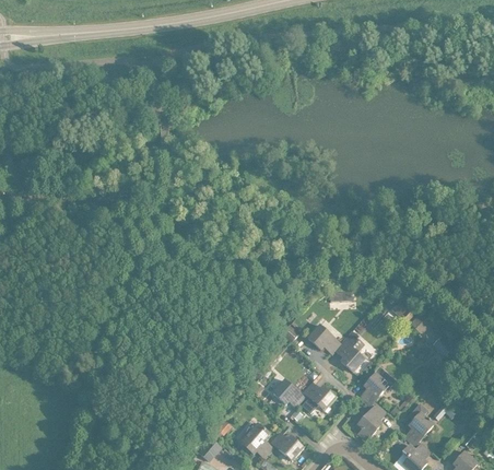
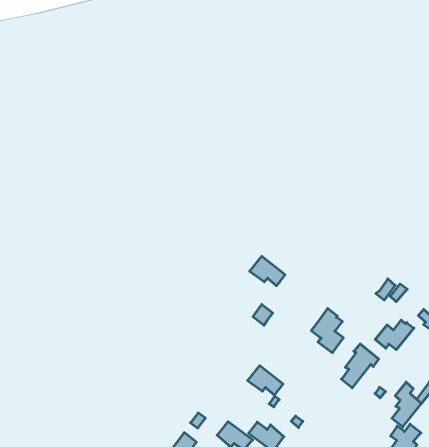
building: [306,325,339,353] -> [250,256,285,286]
building: none -> [375,320,414,350]
building: [302,381,334,410] -> none
building: [356,402,385,440] -> none

